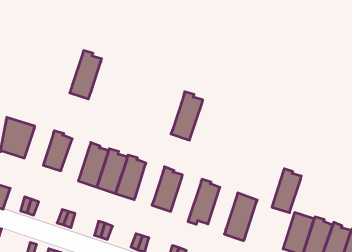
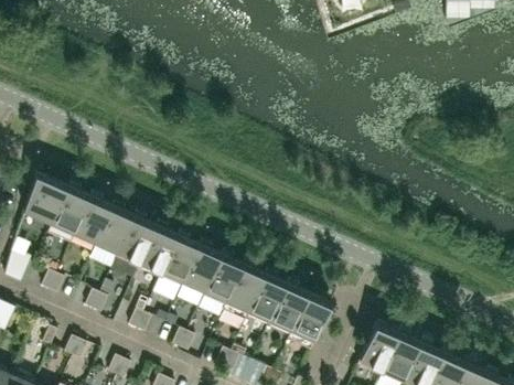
building: [70,51,102,99] -> [49,183,92,243]
building: [171,92,203,140] -> [223,260,266,320]
building: none -> [96,203,135,253]
building: none -> [184,242,222,291]
building: [272,169,301,213] -> [269,280,309,334]

